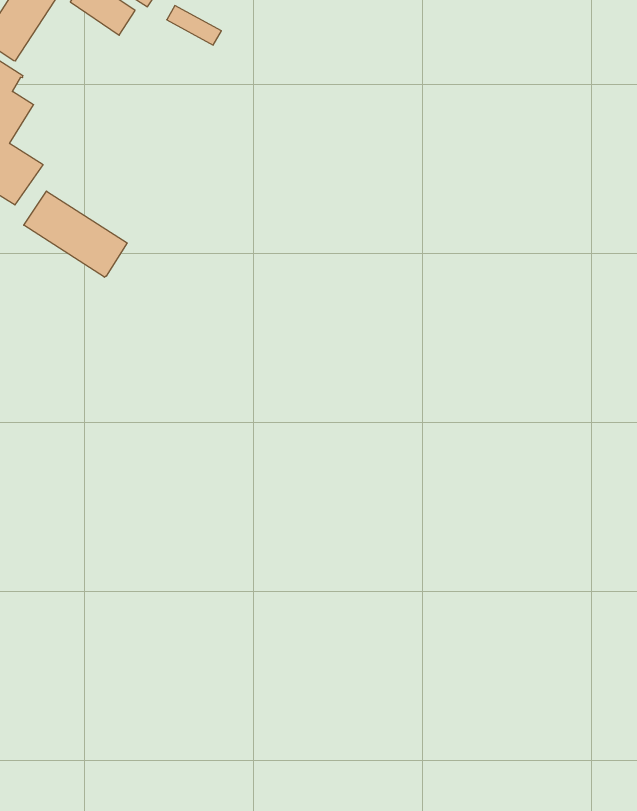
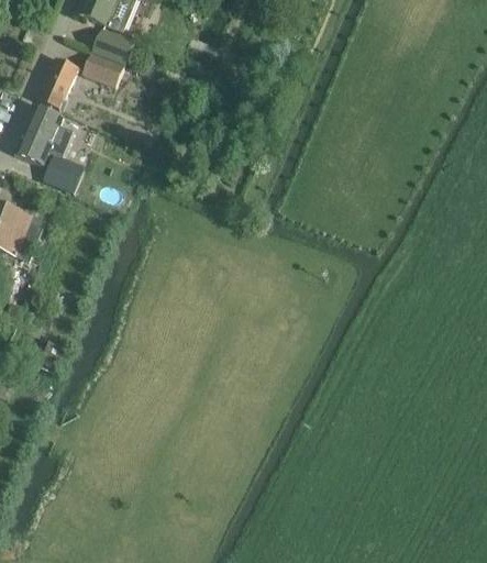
building: [24,191,127,277] -> none

